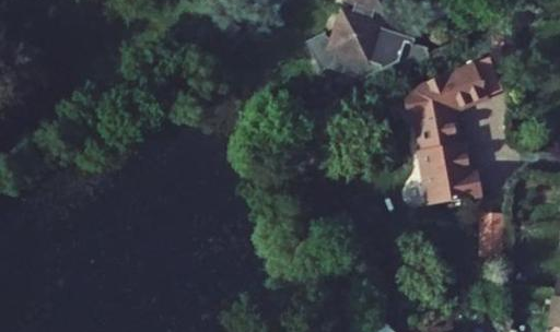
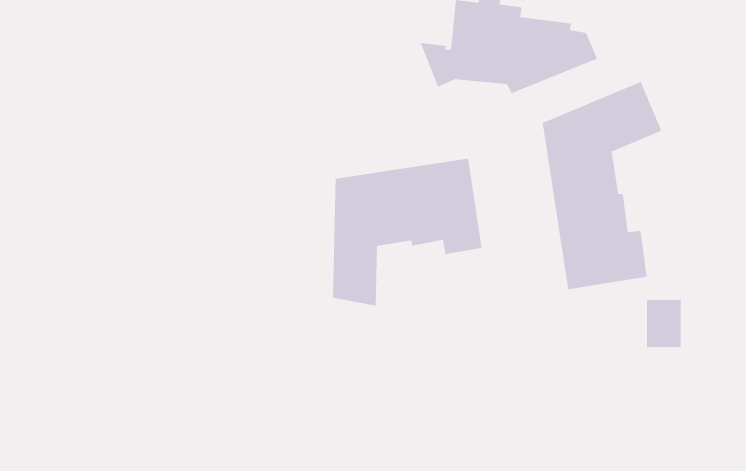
building: none -> [333,158,482,306]

